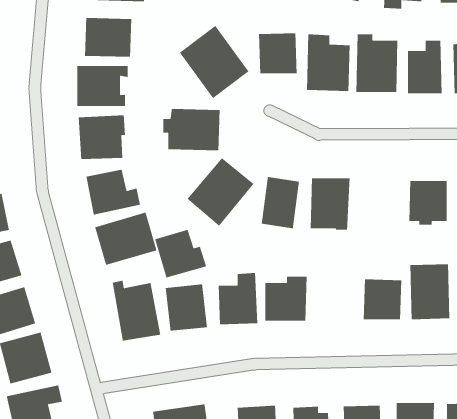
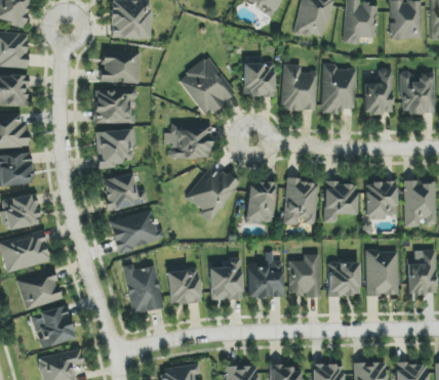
building: none -> [323,182,356,223]
building: [154,229,207,279] -> none
building: none -> [287,254,320,298]

